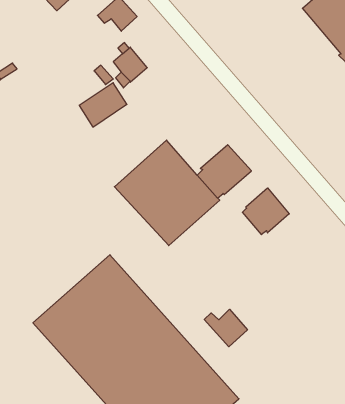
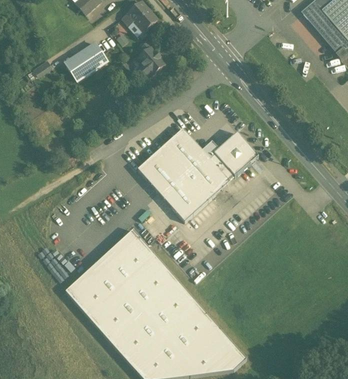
building: [79,83,127,127] -> [65,42,107,81]
building: [242,188,289,235] -> none
building: [204,309,247,347] -> none

